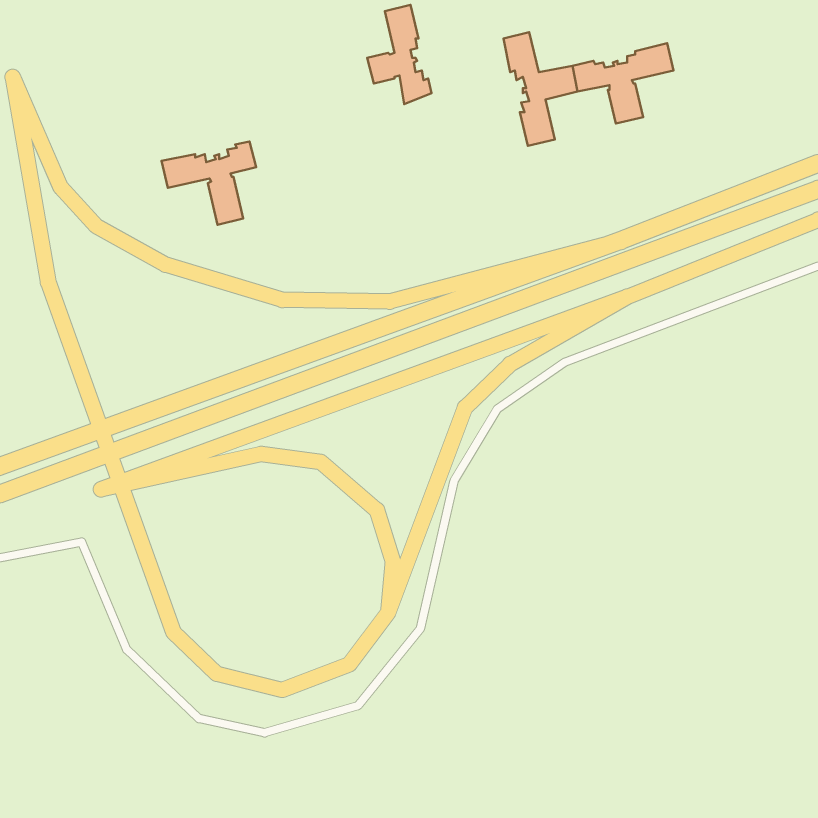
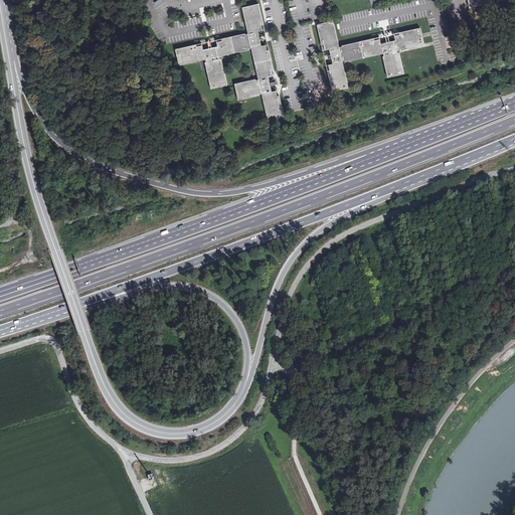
building: none -> [234,58,284,120]
building: [161,141,256,225] -> [175,36,234,89]

